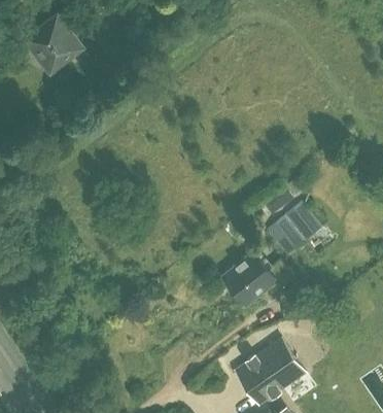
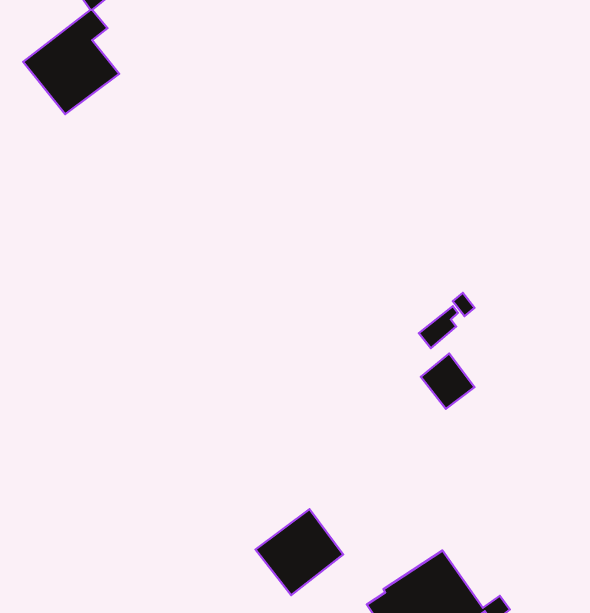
building: [285,205,317,239] -> none
building: [222,253,276,306] -> [256,509,343,595]

